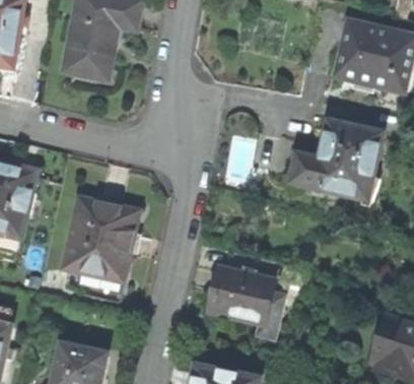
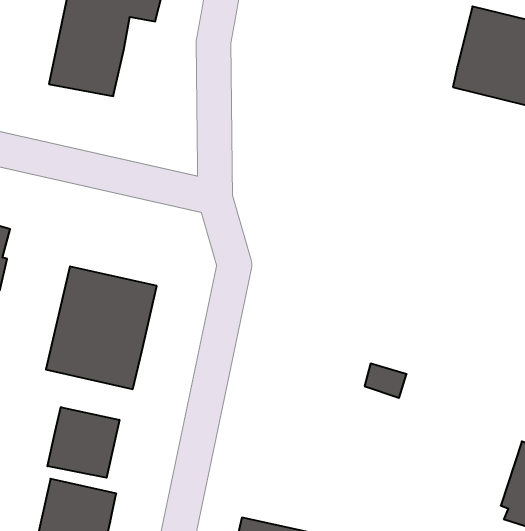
building: [291,120,382,199] -> none
building: [207,266,280,337] -> none
building: none -> [47,407,119,478]

